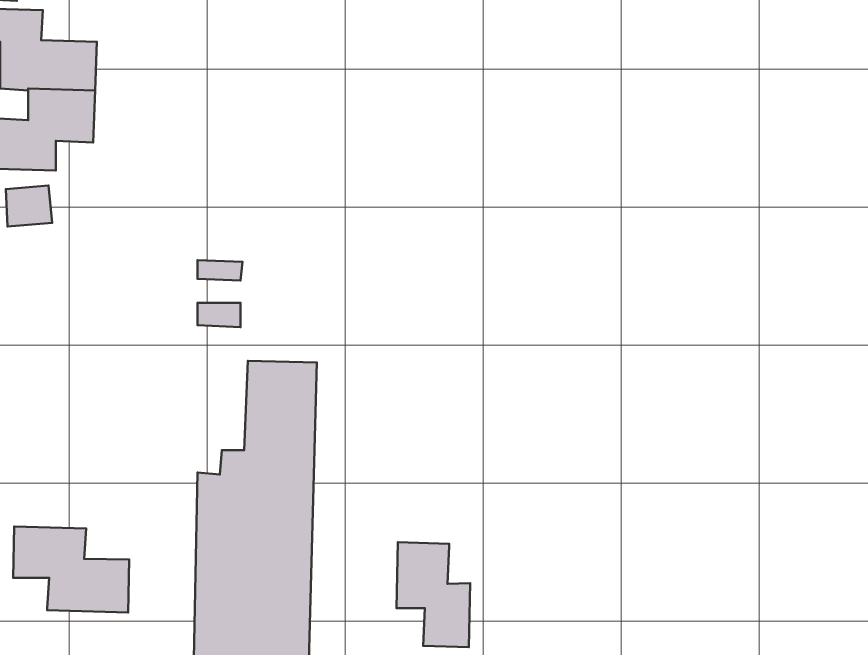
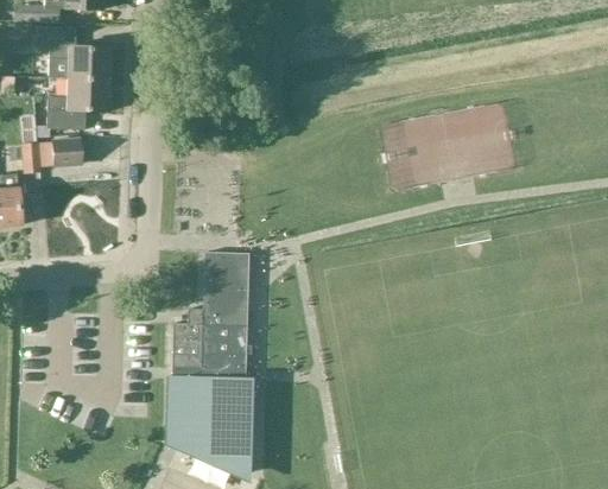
building: [13,527,129,612] -> none
building: [396,542,470,647] -> none

